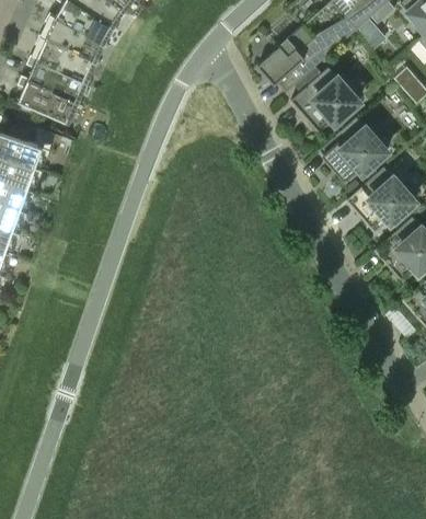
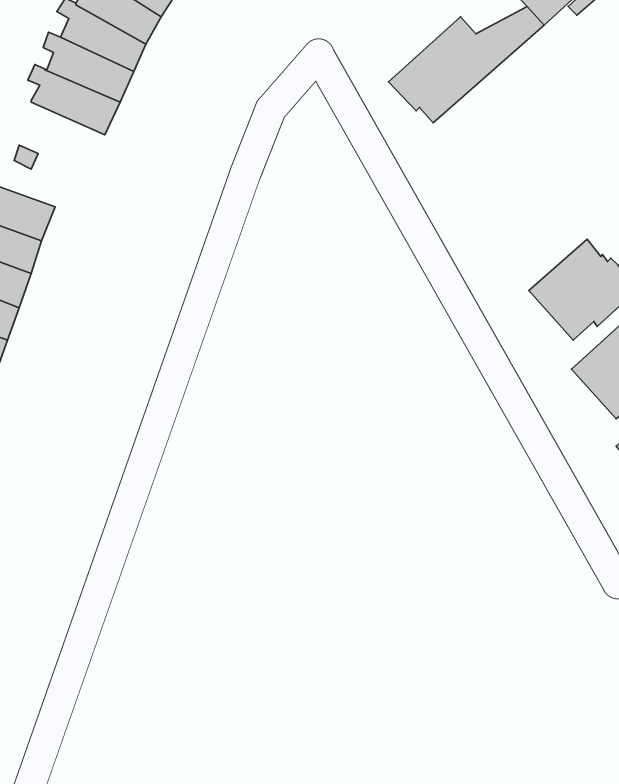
building: [291,68,359,132] -> none
building: [18,76,76,123] -> none
building: [319,117,388,183] -> none

